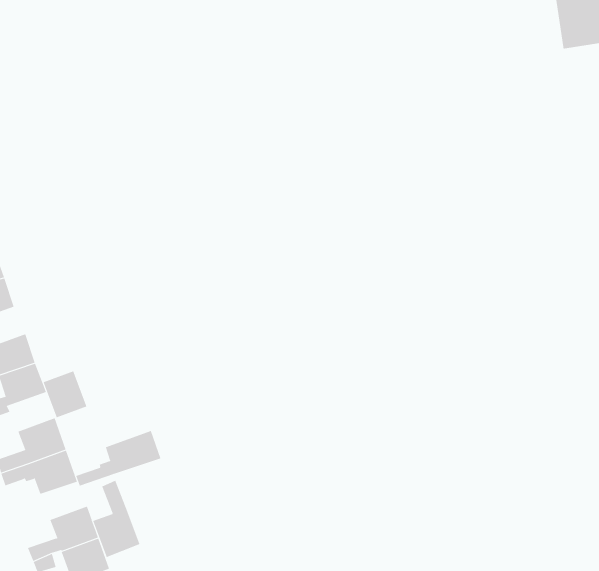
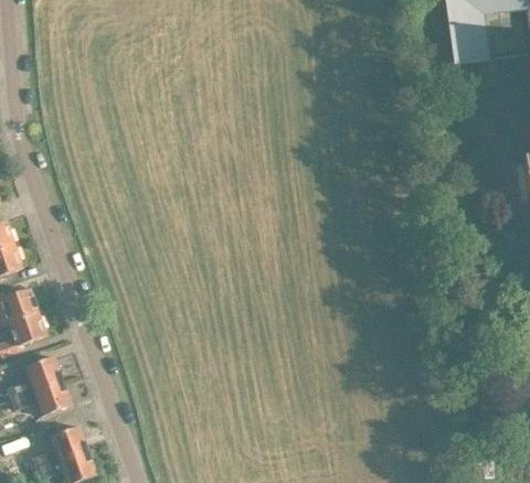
building: [43,371,87,418] -> none
building: [75,430,161,486] -> none
building: [93,480,140,558] -> none

